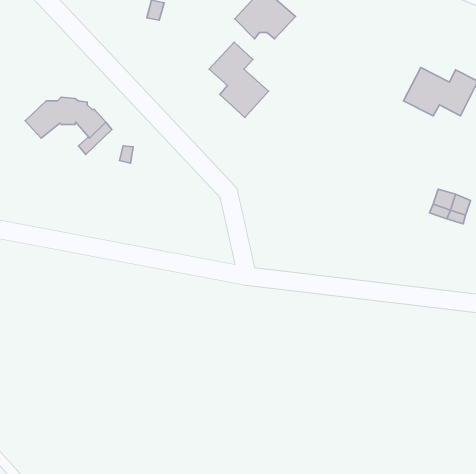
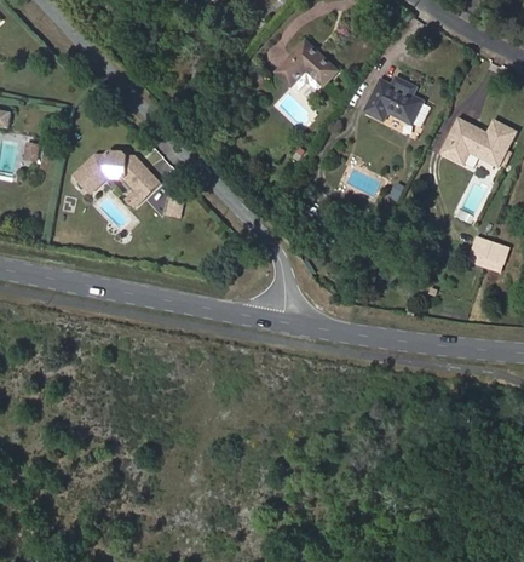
building: none -> [364,76,430,128]
building: [209,42,268,118] -> none

